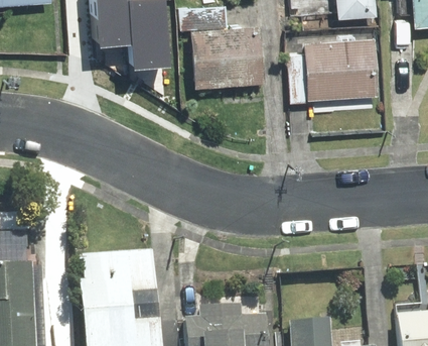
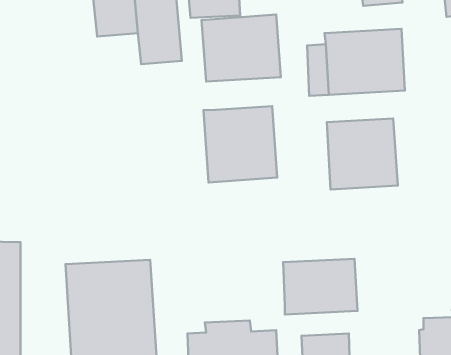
building: none -> [204,106,277,182]
building: none -> [327,118,398,189]
building: none -> [283,259,357,315]

